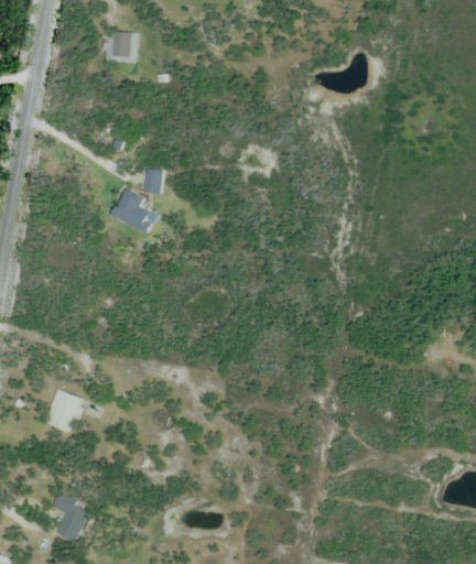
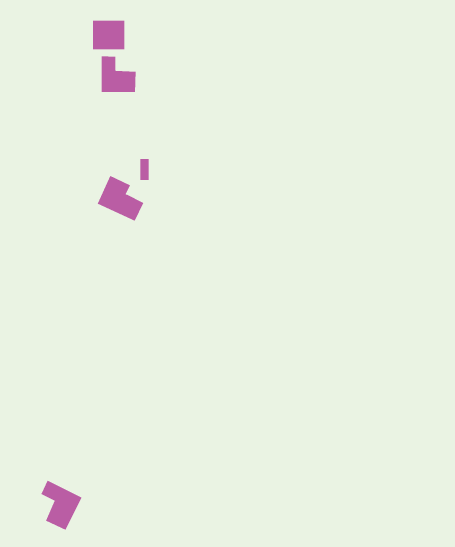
building: none -> [101,56,136,93]
building: [44,389,85,434] -> none

